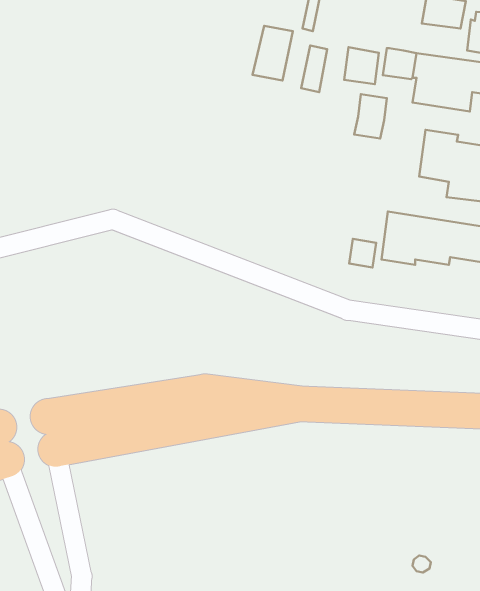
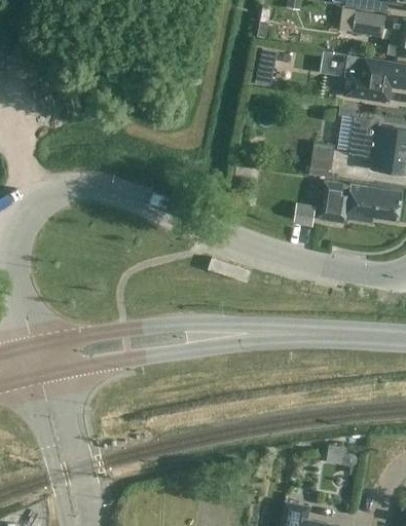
building: [252,26,293,81] -> none
building: [344,47,379,84] -> none
building: [354,94,387,138] -> [309,142,335,177]

